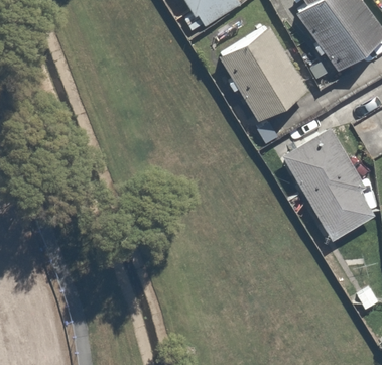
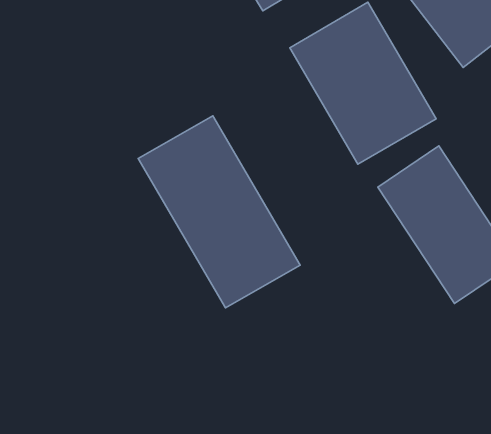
building: none -> [138,116,300,308]

